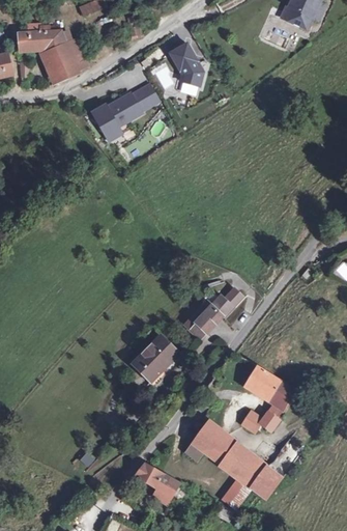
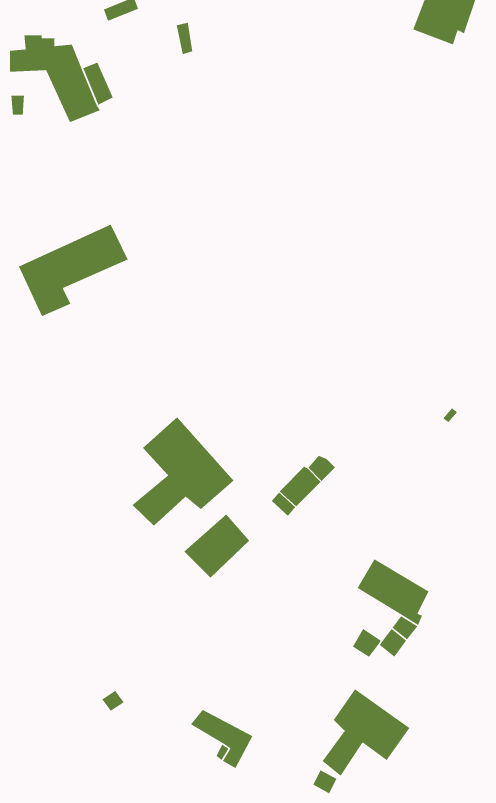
building: [165,41,206,88] -> none
building: [89,82,162,143] -> [18,223,129,317]
building: none -> [132,416,235,527]
building: [185,423,244,472] -> none

